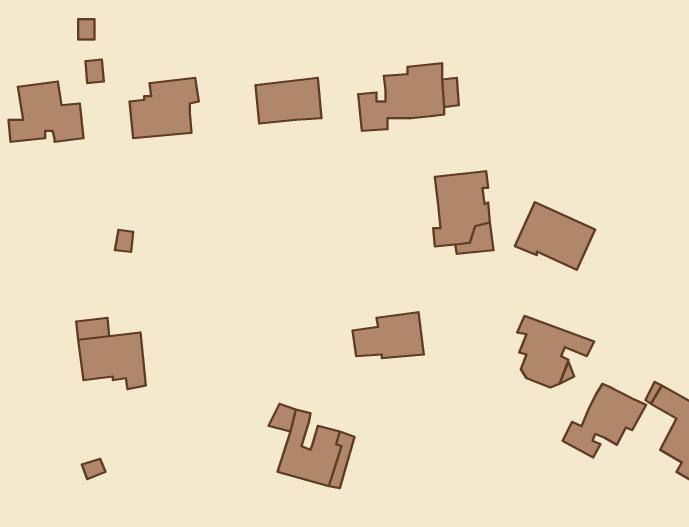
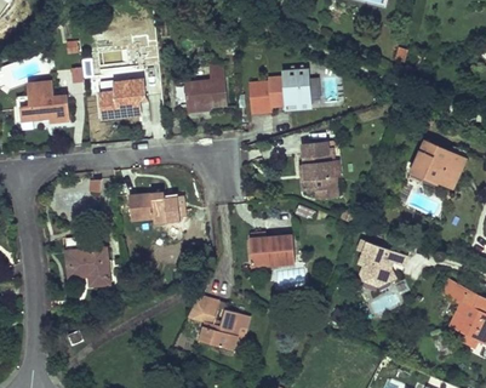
building: [515,202,595,270] -> [411,142,464,187]
building: none -> [128,193,184,224]
building: [563,384,646,458] -> none

